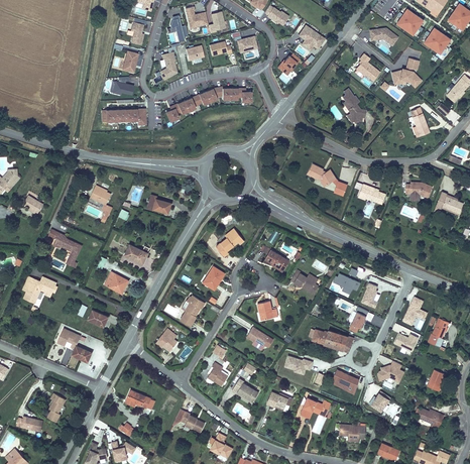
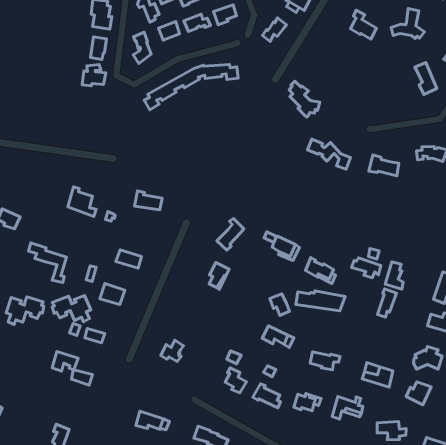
building: [342,91,368,124] -> [289,81,320,117]
building: [101,108,146,125] -> none
building: none -> [52,295,91,322]
building: [180,294,205,325] -> none
building: [312,328,356,349] -> [296,291,345,311]

